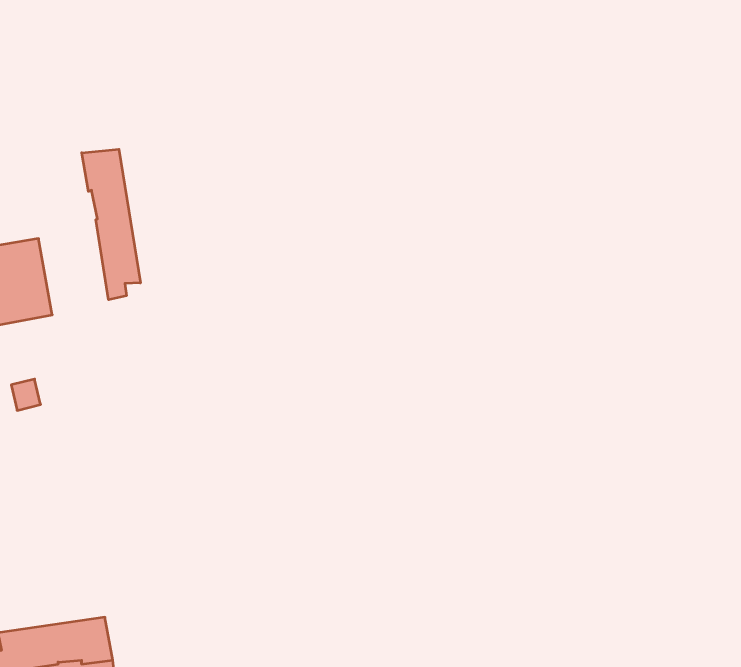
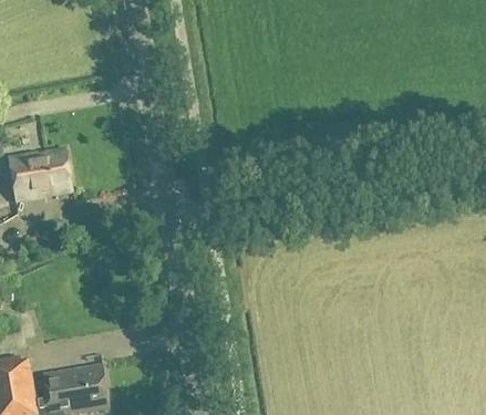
building: [82,149,140,300] -> none

